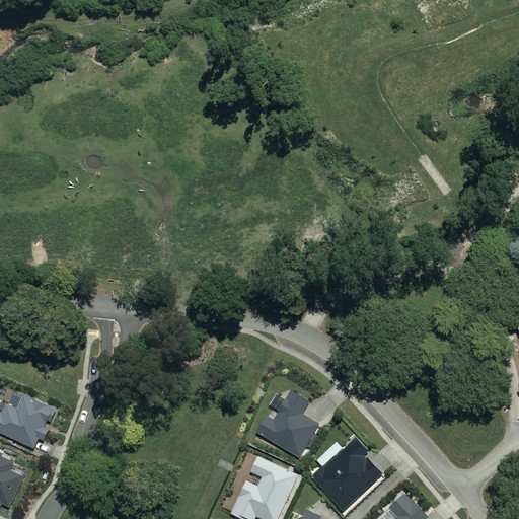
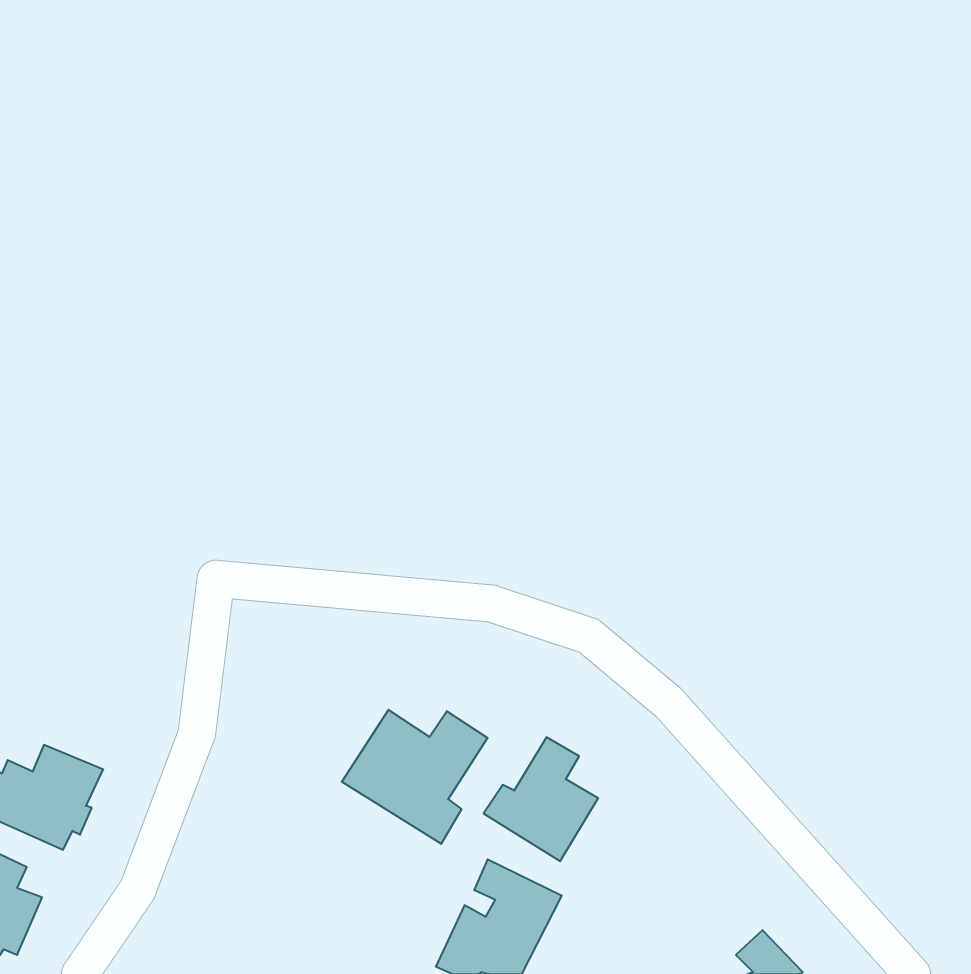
building: none -> [342,710,488,844]
building: [311,439,381,511] -> none

